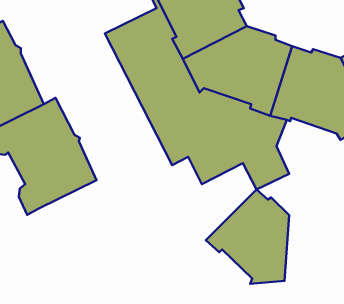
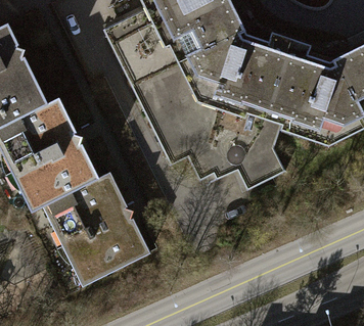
building: none -> [42,174,150,287]
building: [206,190,289,284] -> none

